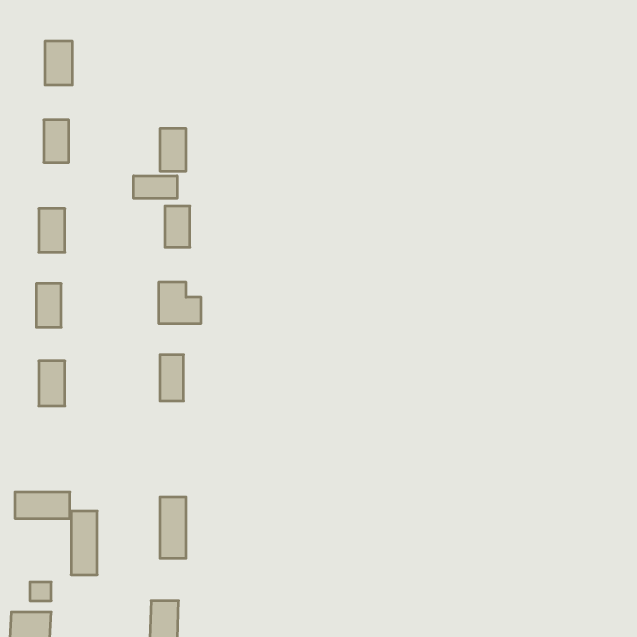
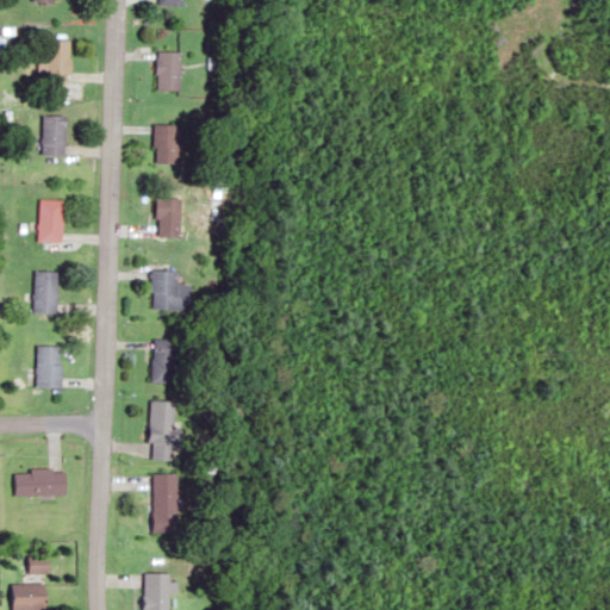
building: none -> [156,51,180,91]
building: [134,176,177,198] -> none
building: [71,511,97,575] -> [151,400,176,461]

